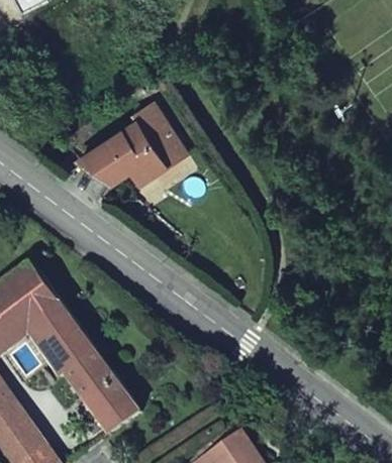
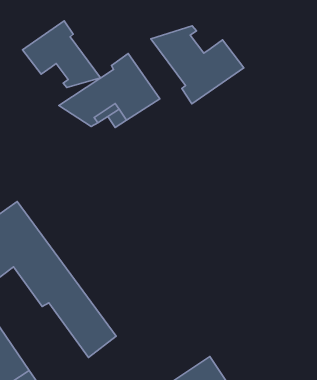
building: none -> [23,21,100,87]
building: none -> [151,26,244,104]

